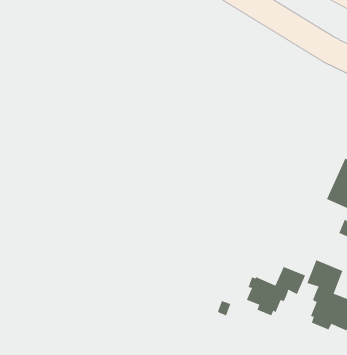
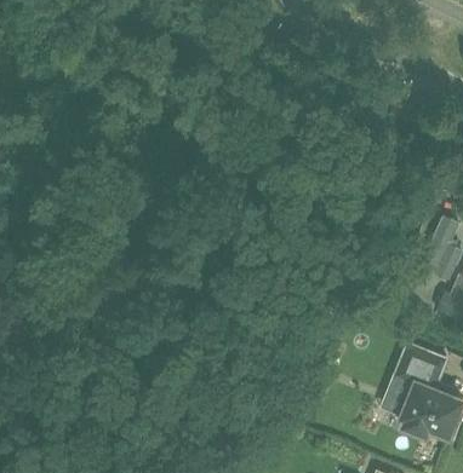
building: [246,266,306,316] -> none

